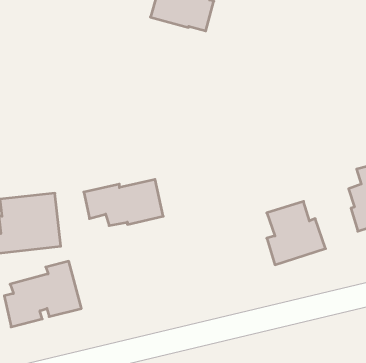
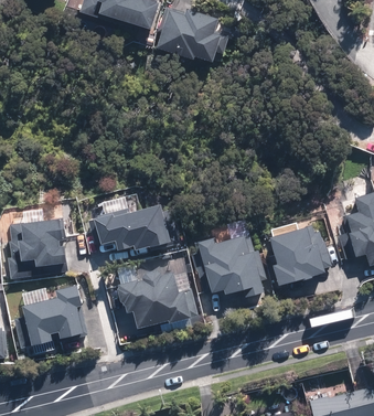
building: none -> [196,235,263,298]
building: none -> [117,270,197,327]

